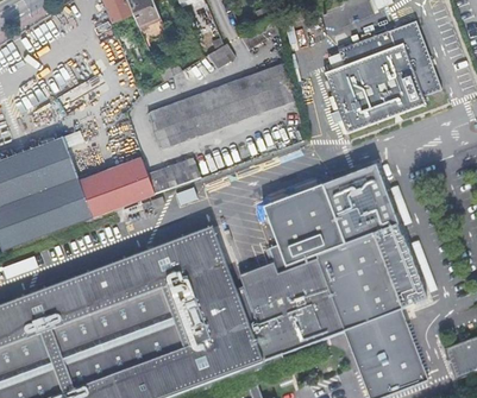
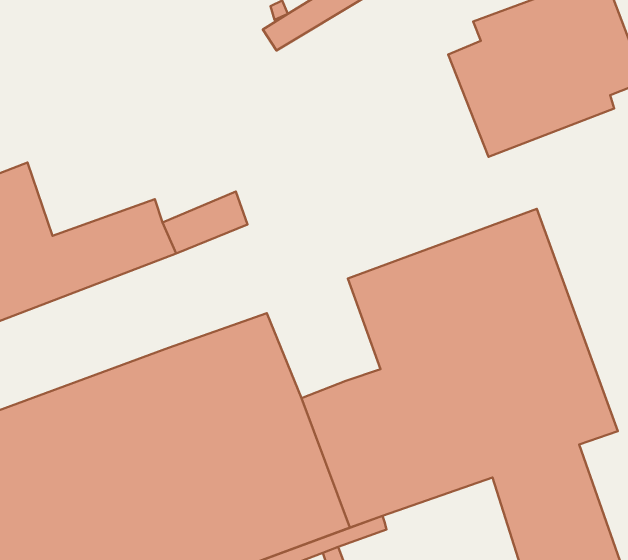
building: [145,63,294,147] -> none

